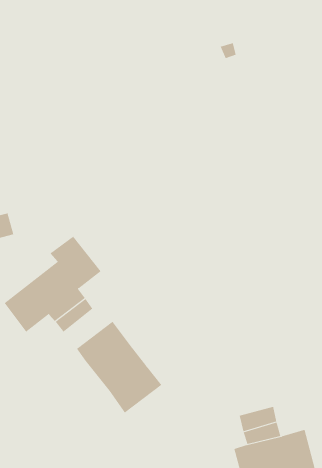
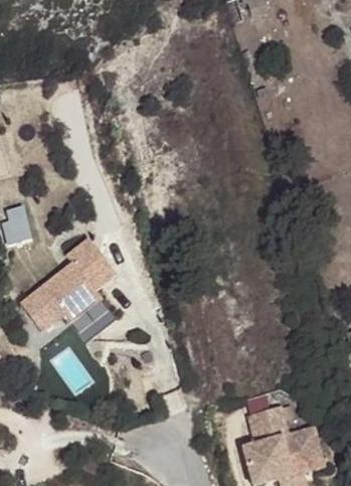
building: [76,321,162,414] -> none

